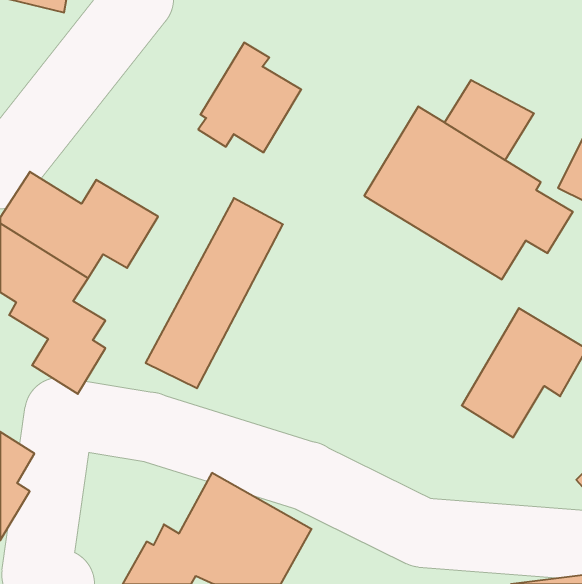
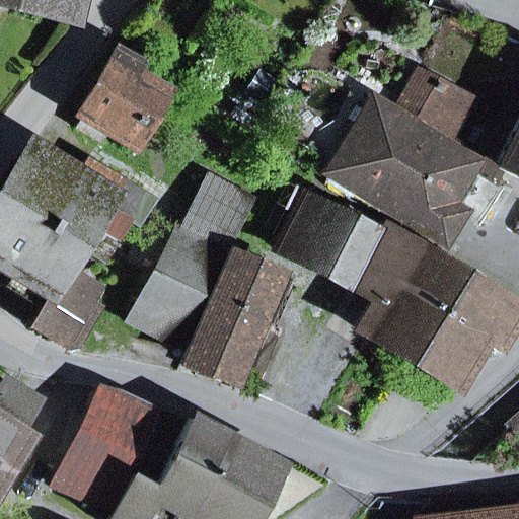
building: [198,43,301,152] -> [77,50,168,147]
building: none -> [274,192,462,359]
building: none -> [182,253,280,384]
building: none -> [60,387,156,504]

